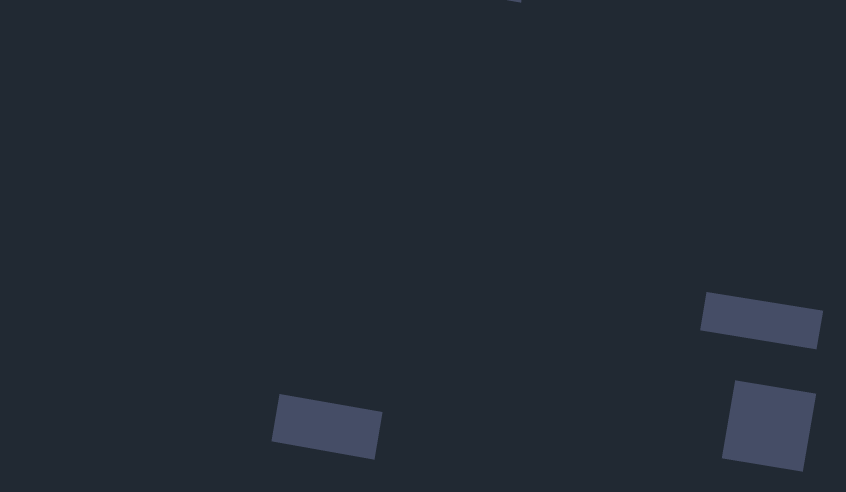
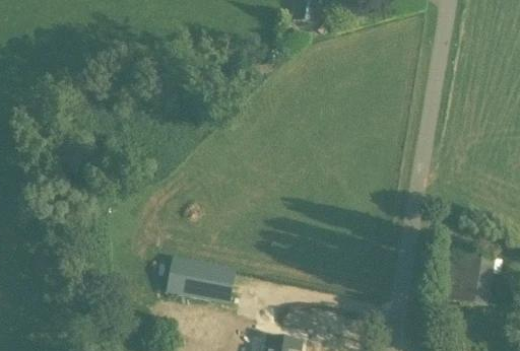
building: [699,291,824,350] -> none

